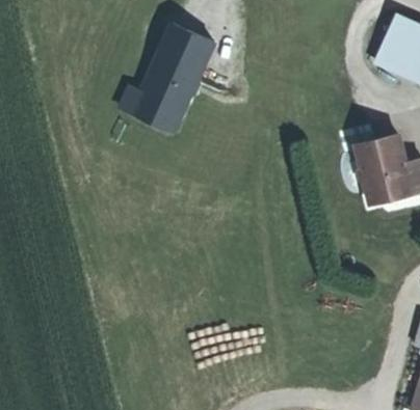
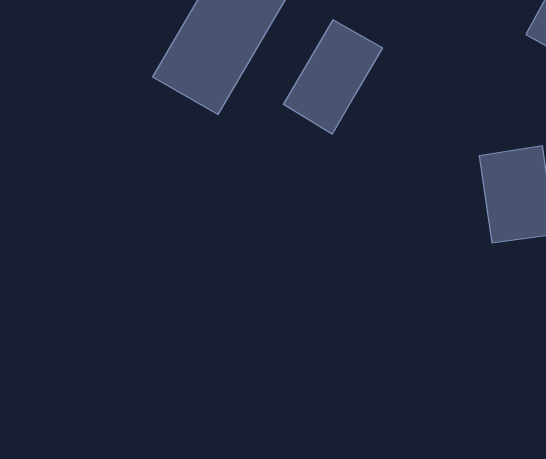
building: none -> [283,20,382,134]

